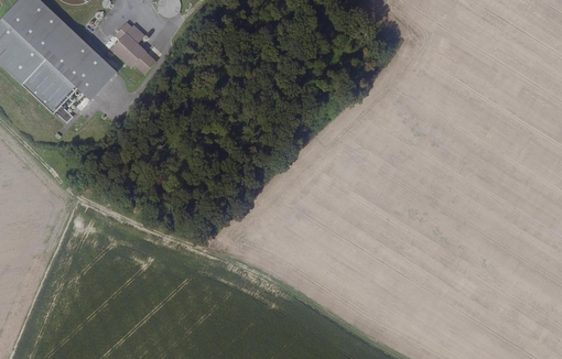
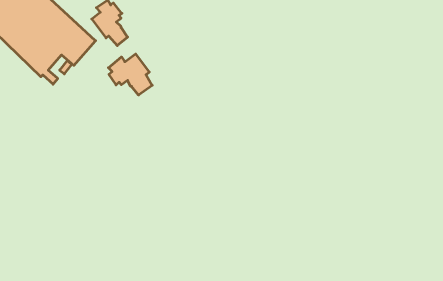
building: none -> [108,54,152,95]

